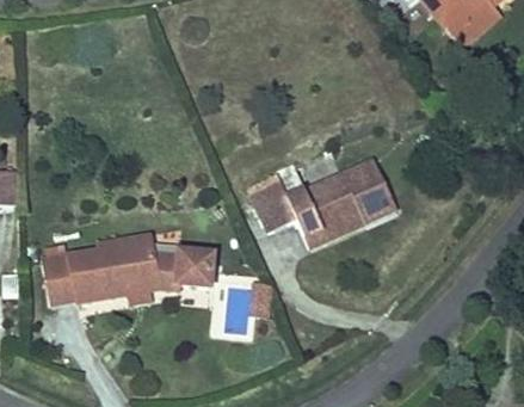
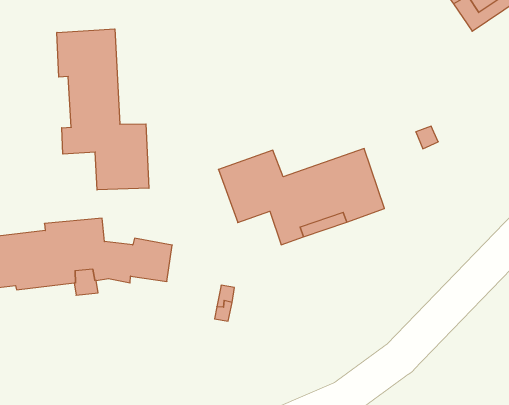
building: none -> [57,29,149,190]

